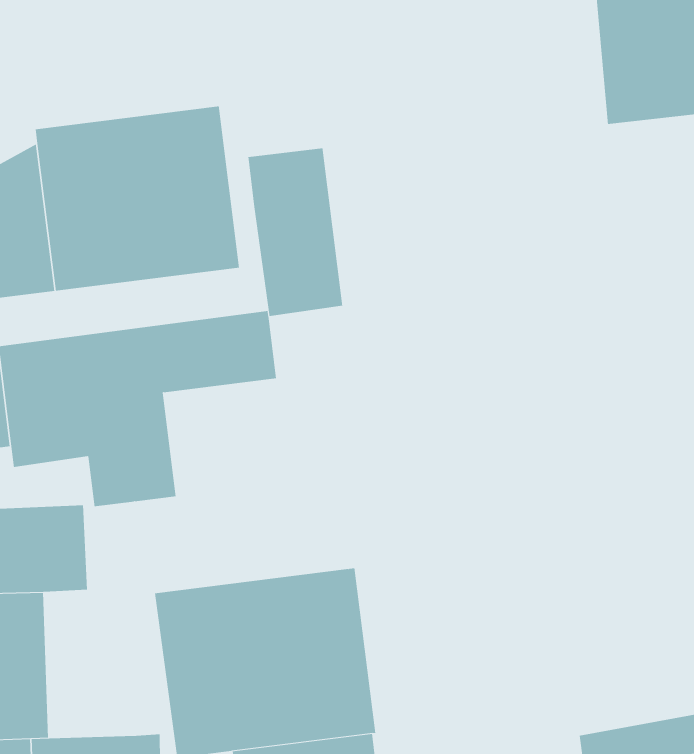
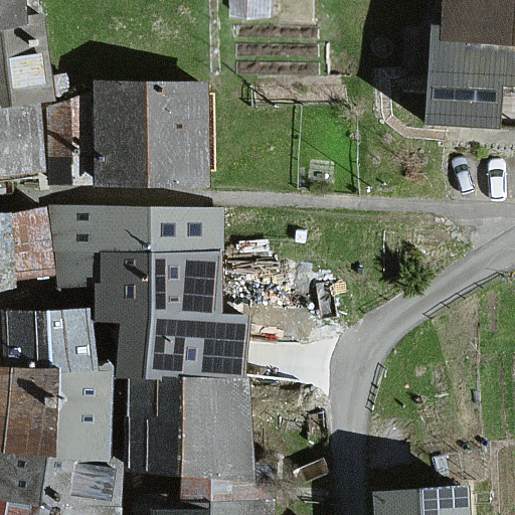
building: [248,148,343,317] -> none
building: none -> [123,252,248,374]
building: none -> [52,365,114,460]

